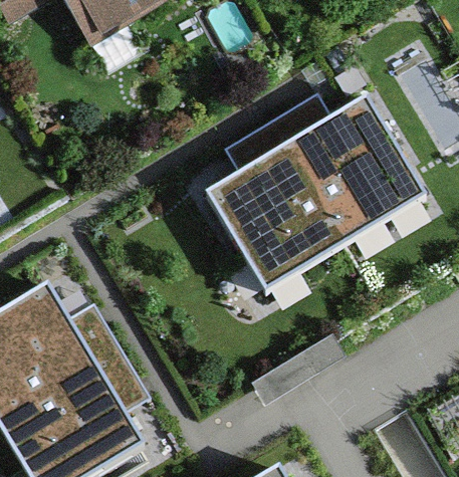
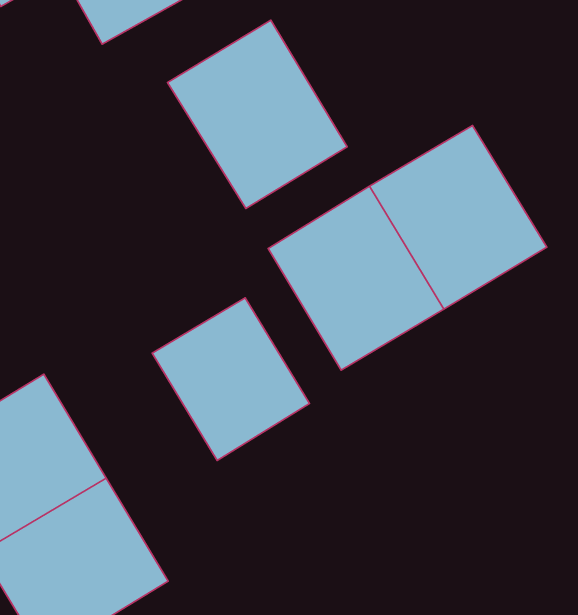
building: none -> [168,20,347,208]
building: none -> [152,298,309,460]

